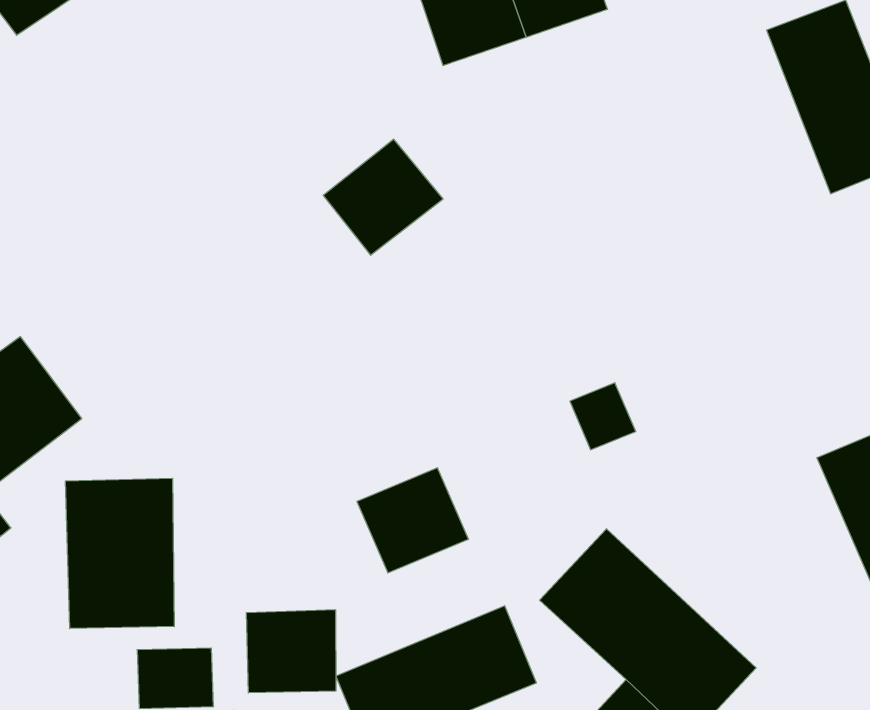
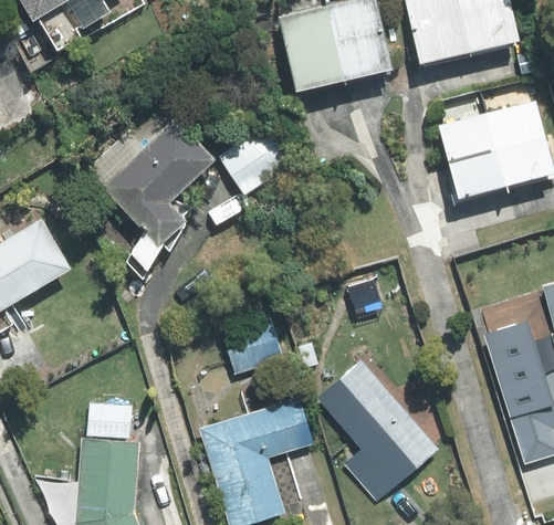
building: none -> [438,90,506,199]
building: none -> [86,117,215,279]
building: [66,478,174,629] -> none
building: [246,610,336,693] -> none

